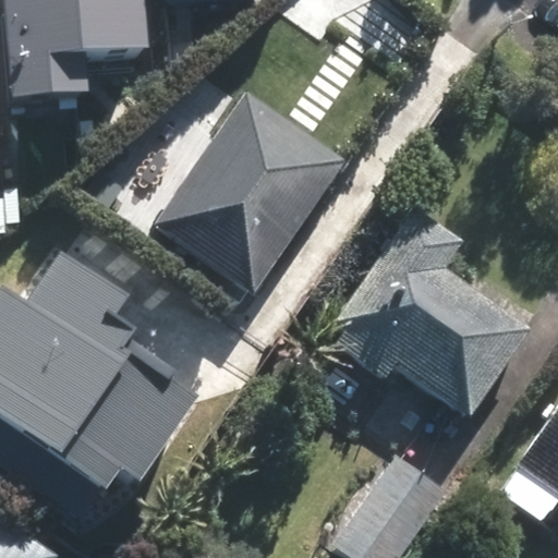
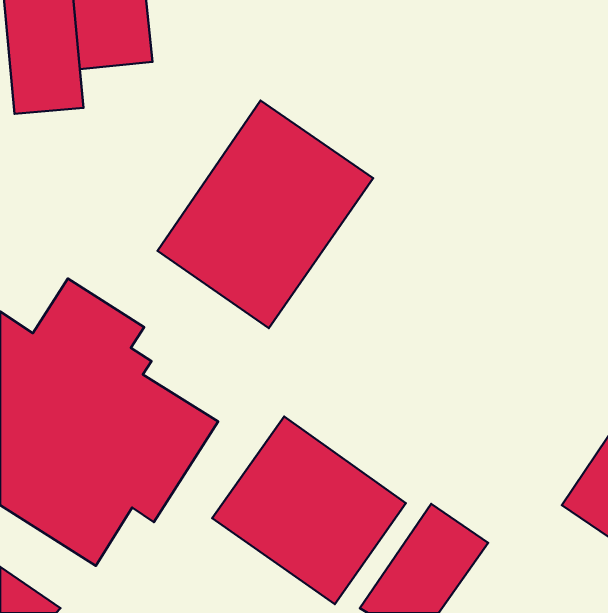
building: [330,207,527,420] -> none
building: none -> [212,416,406,604]

